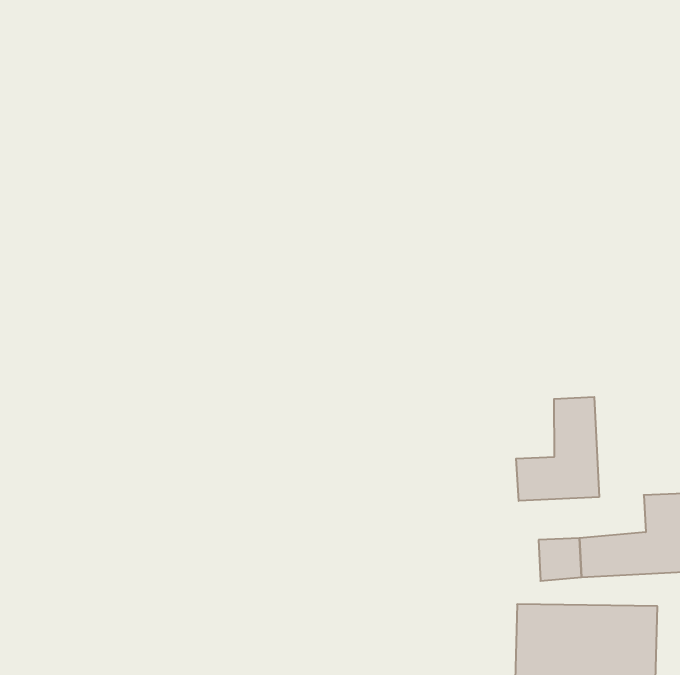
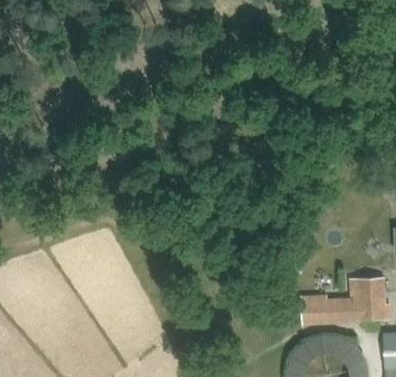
building: [516,397,599,501] -> none

